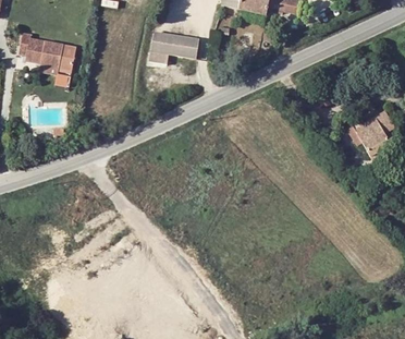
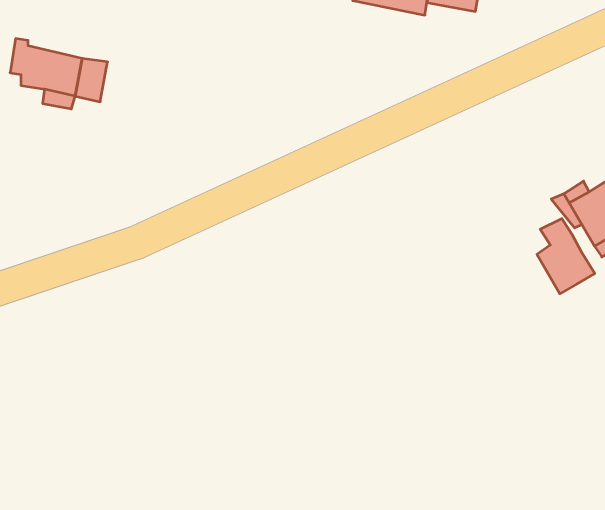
building: [151,32,193,58] -> none
building: none -> [537,219,595,294]

